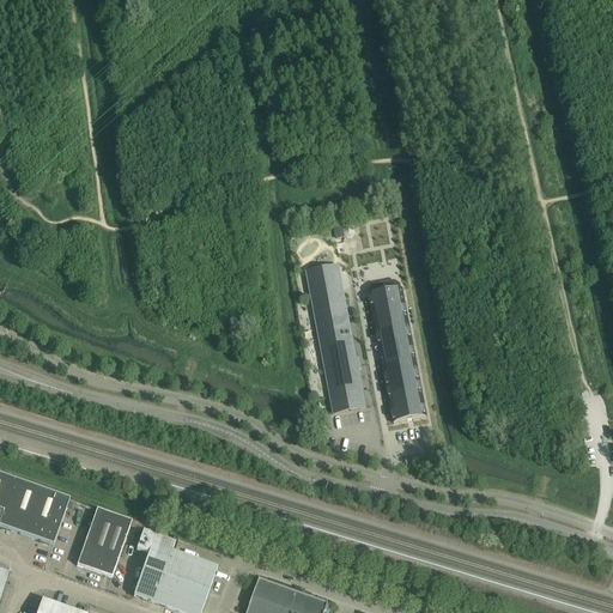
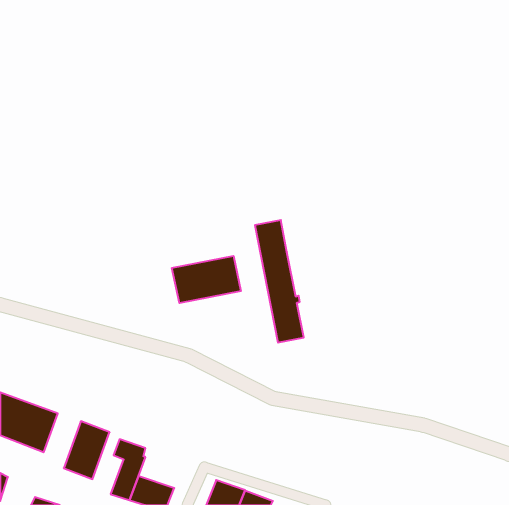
building: [369,279,426,421] -> none
building: none -> [172,256,241,303]
building: [166,550,217,587] -> none

